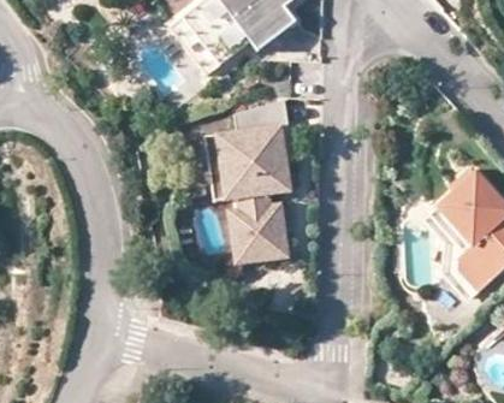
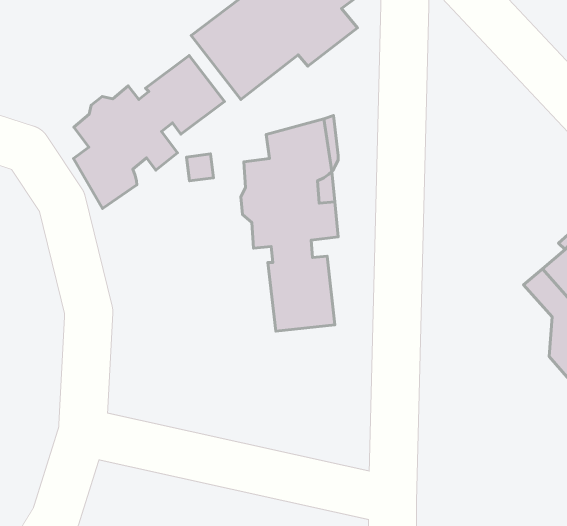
building: none -> [73,56,224,209]

